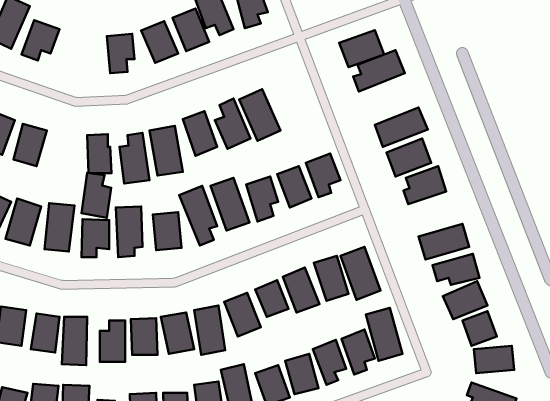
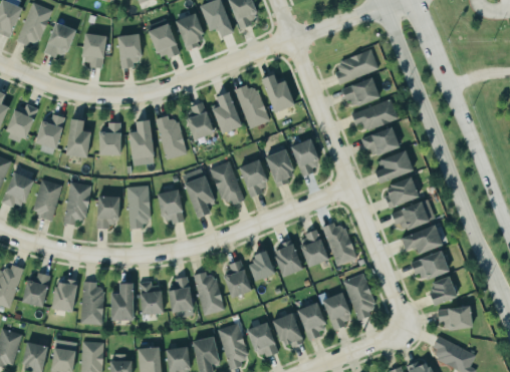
building: [339,30,384,67] -> [343,76,382,108]
building: none -> [83,34,106,66]
building: none -> [263,75,297,113]
building: [81,173,111,218] -> [66,119,92,158]
building: none -> [384,177,421,208]

